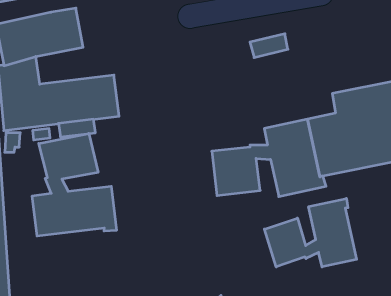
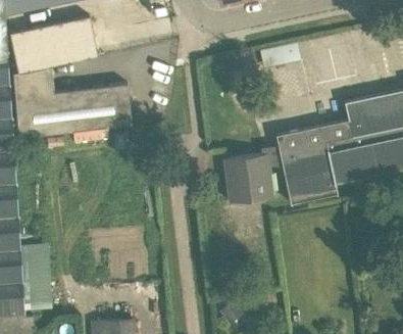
building: [32,133,116,236] -> none
building: [264,198,357,267] -> none

